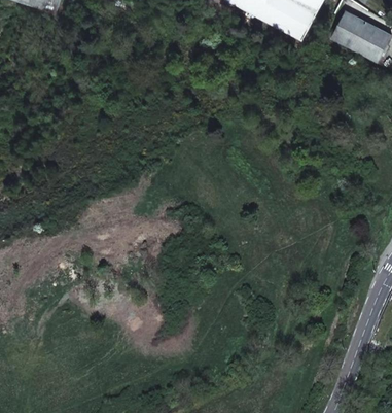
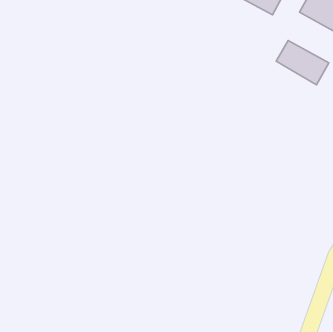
building: none -> [276,40,329,85]

